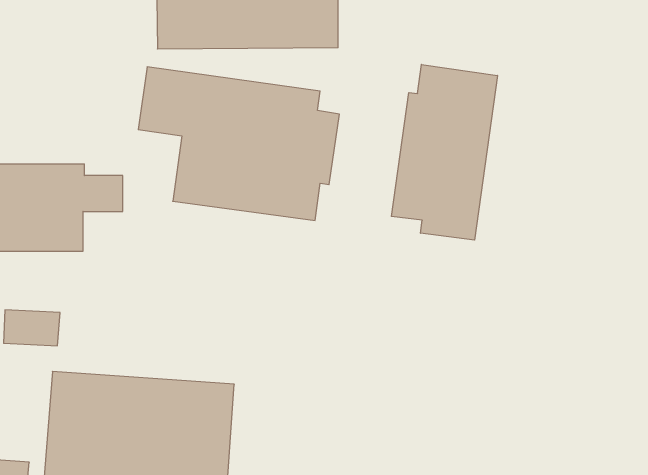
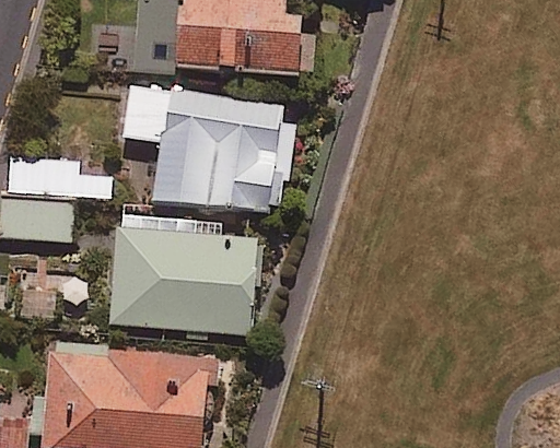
building: [391,64,497,240] -> none
building: none -> [112,216,256,334]

